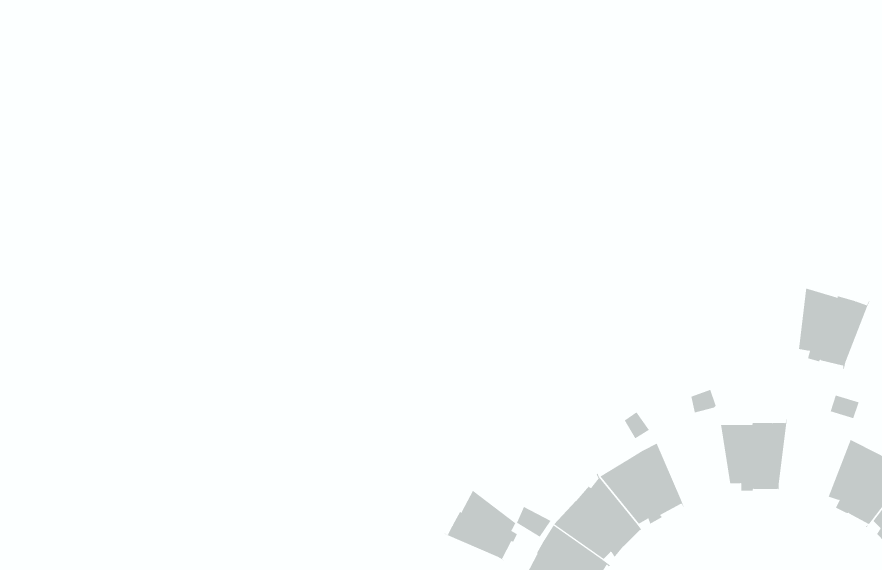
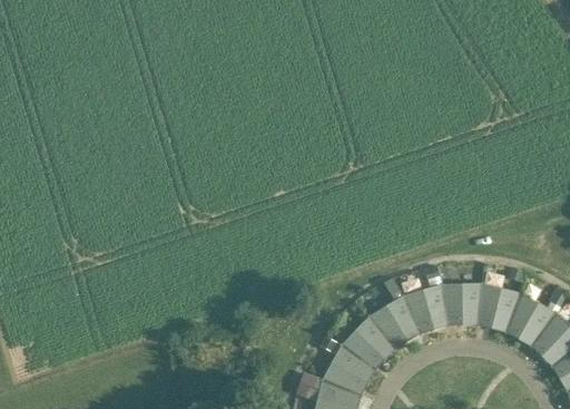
building: [798,288,870,370] -> [478,284,521,333]
building: none -> [404,283,449,332]
building: [444,490,518,562] -> none

